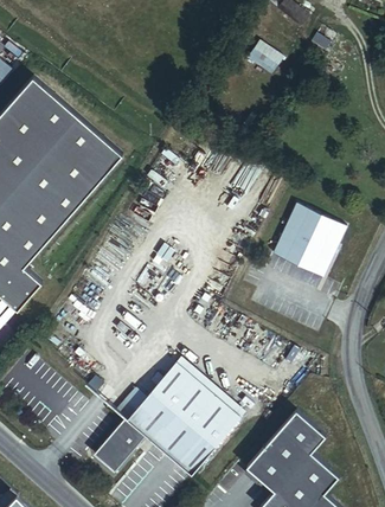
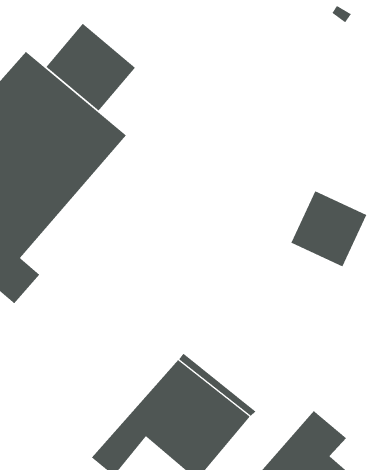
building: [250,43,284,73] -> none
building: none -> [46,23,136,112]

